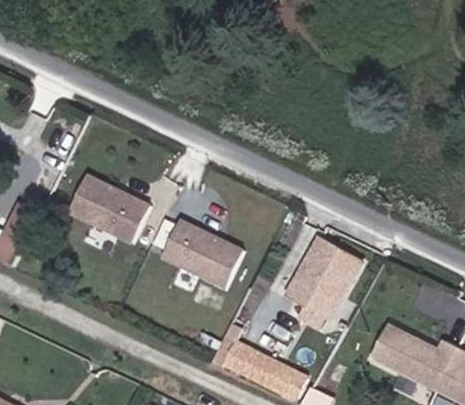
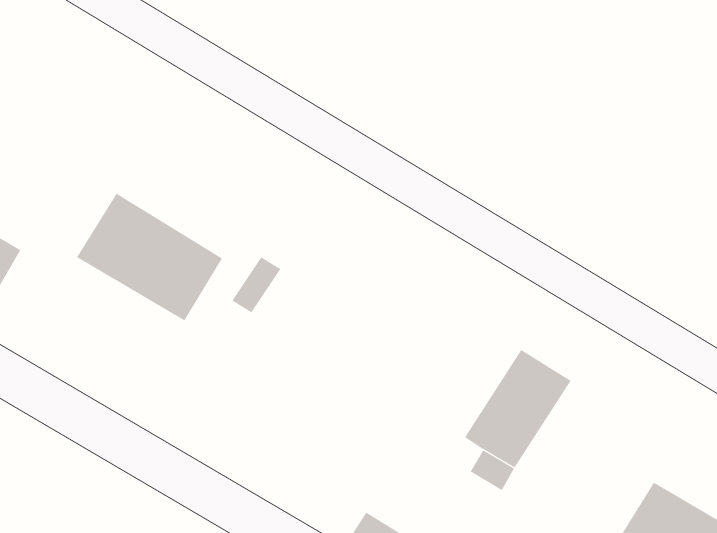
building: [160,225,241,293] -> none

